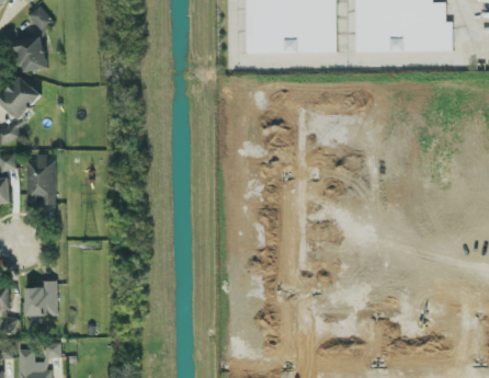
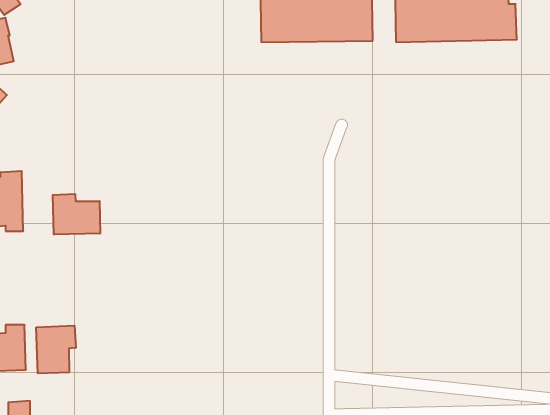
building: none -> [53,194,100,235]
building: none -> [36,326,76,373]

